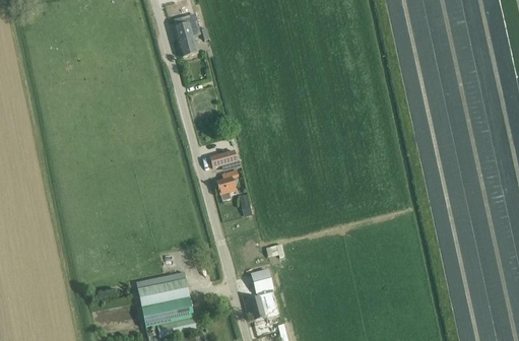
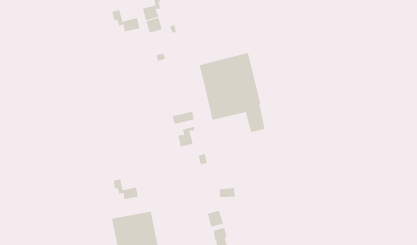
building: none -> [112,9,140,32]
building: none -> [199,52,265,133]
building: none -> [113,179,138,200]

